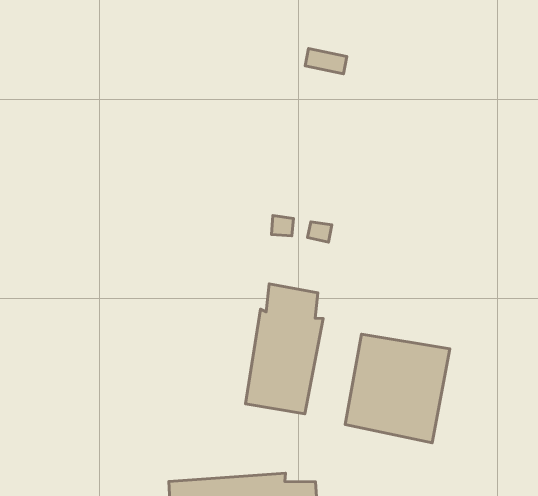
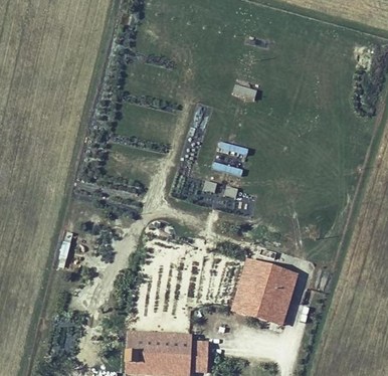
building: [246,284,323,414] -> none

